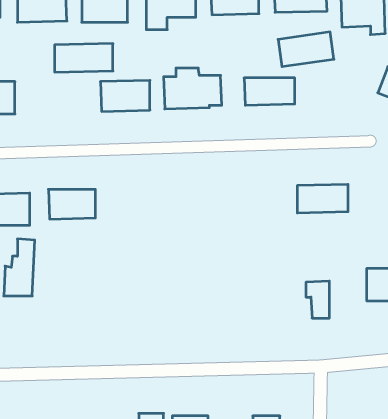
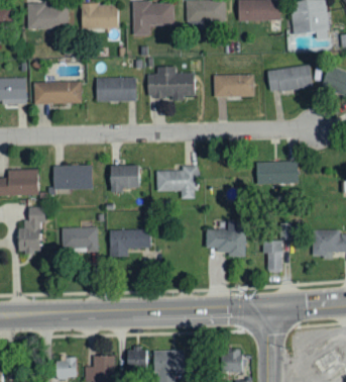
building: [278,32,334,67] -> [267,65,313,93]
building: [55,44,113,72] -> [34,81,82,104]
building: none -> [110,166,140,193]
building: none -> [156,166,198,198]
building: none -> [206,220,246,257]
building: none -> [62,228,98,251]
building: none -> [109,229,151,257]

